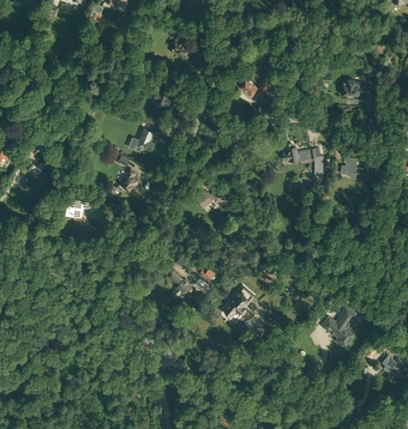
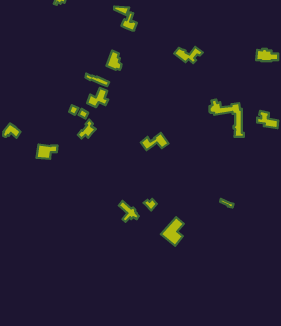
building: [324,306,356,344] -> none

